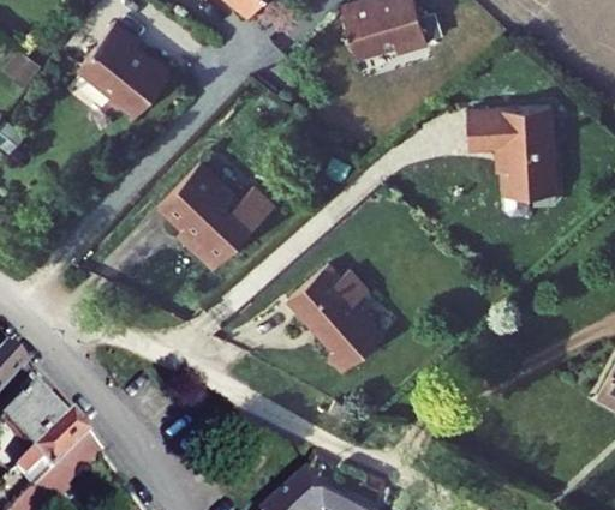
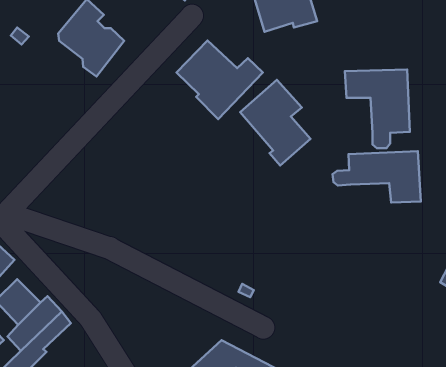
building: [160,162,276,268] -> [176,40,263,119]
building: none -> [333,151,421,202]
building: [288,257,383,372] -> [240,80,311,166]

